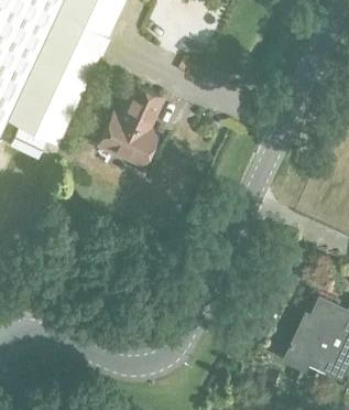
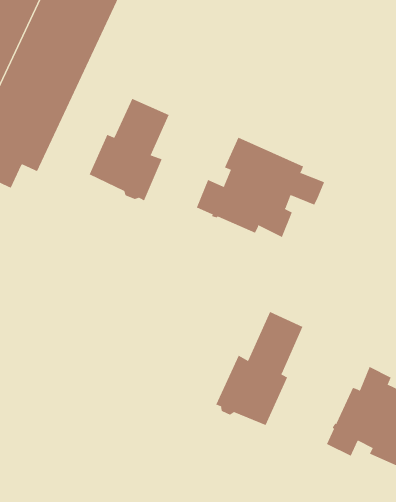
building: none -> [196,137,325,238]
building: none -> [215,311,303,426]

